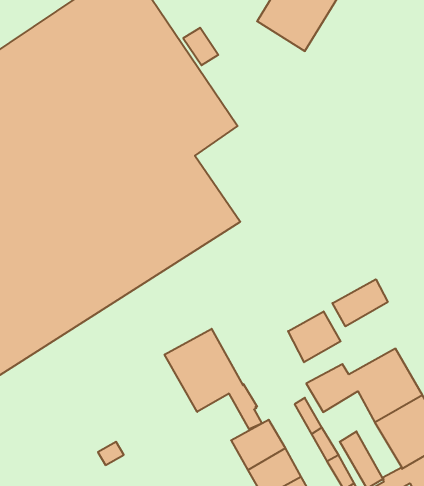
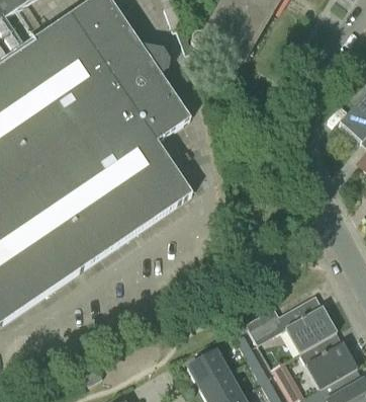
building: [332,279,388,326] -> none
building: [288,311,341,362] -> none
building: [165,329,262,429] -> none

